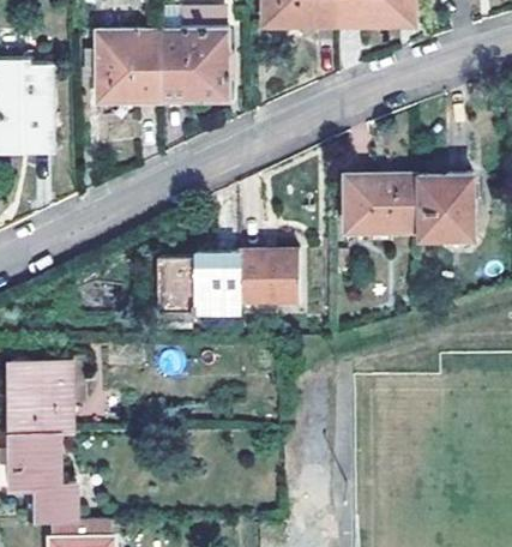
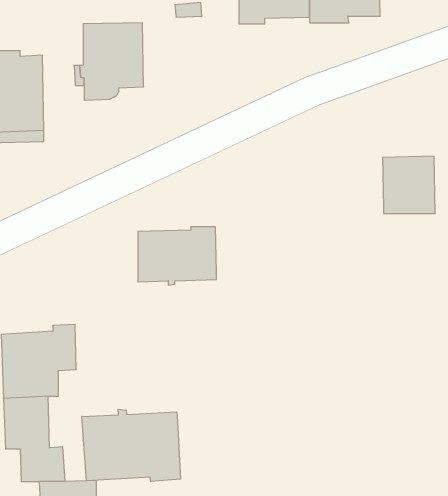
building: [159,29,229,98] -> none
building: [345,174,417,229] -> none
building: [237,247,299,296] -> none
building: none -> [82,409,180,482]

